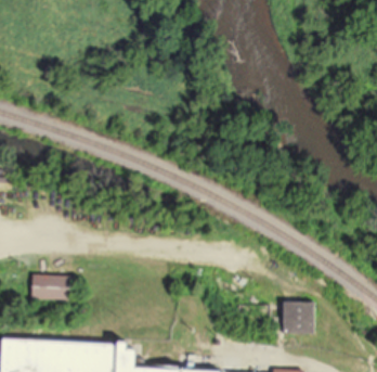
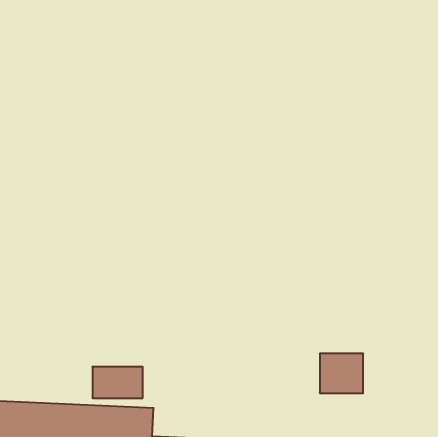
building: [31,274,71,299] -> [92,367,143,398]

